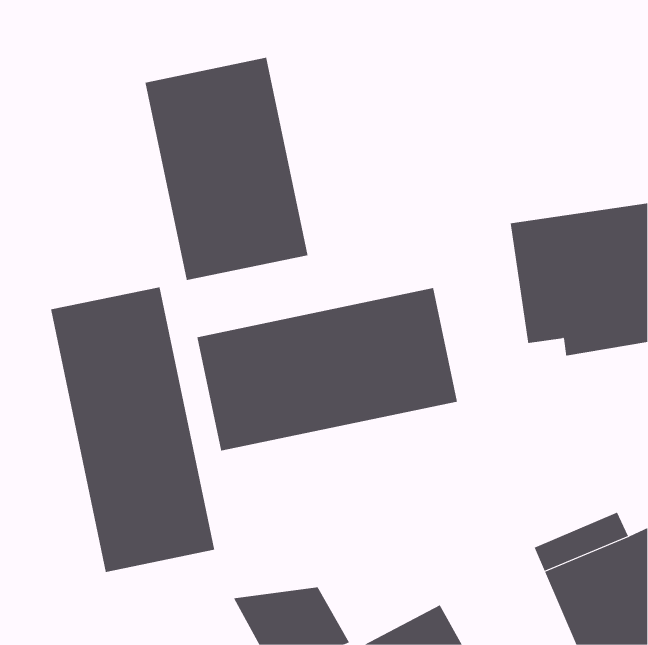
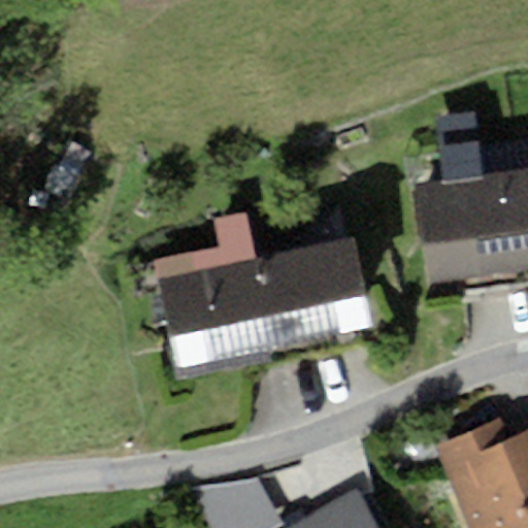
building: [145,57,308,281] -> none
building: [51,286,215,573] -> none

